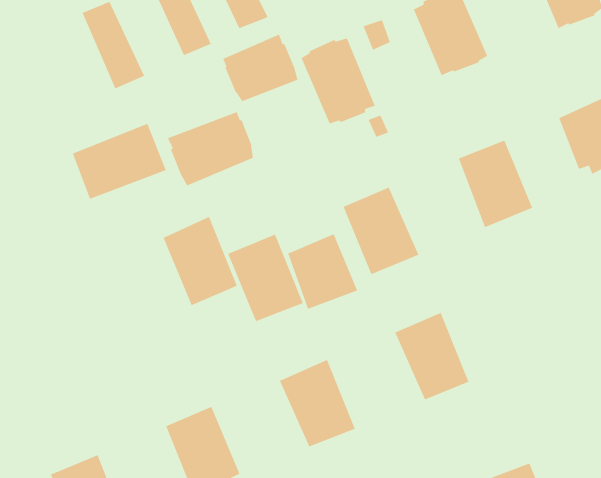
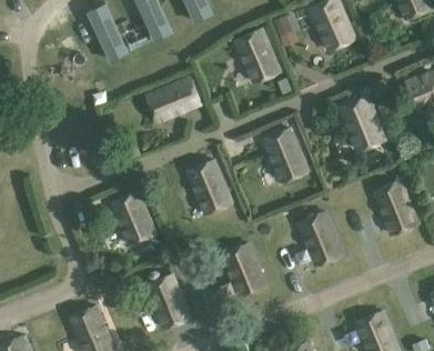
building: [222,33,299,102] -> none
building: [72,123,167,200] -> none
building: [163,216,238,306] -> [108,188,158,248]
building: [287,233,358,310] -> none
building: none -> [371,178,421,237]

